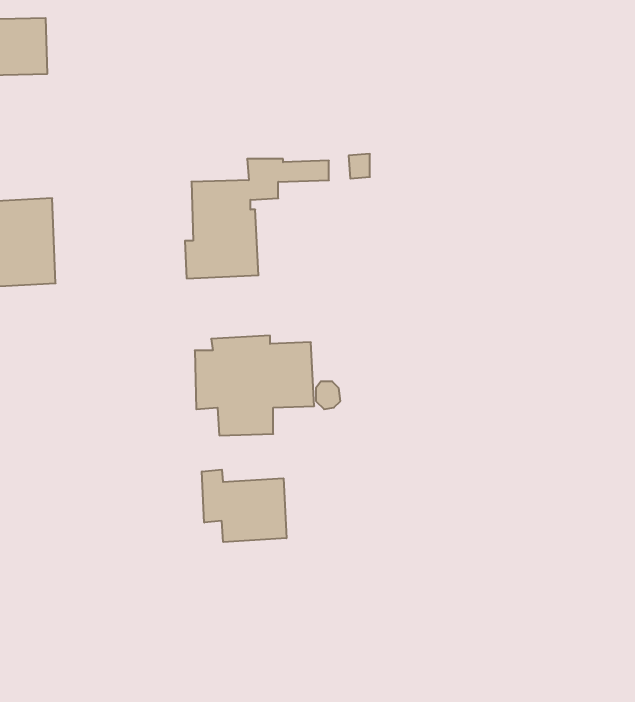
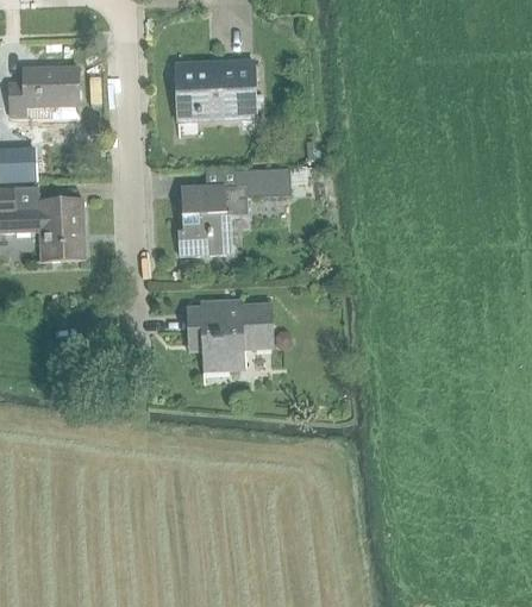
building: none -> [174,62,256,121]
building: [202,470,286,542] -> none

